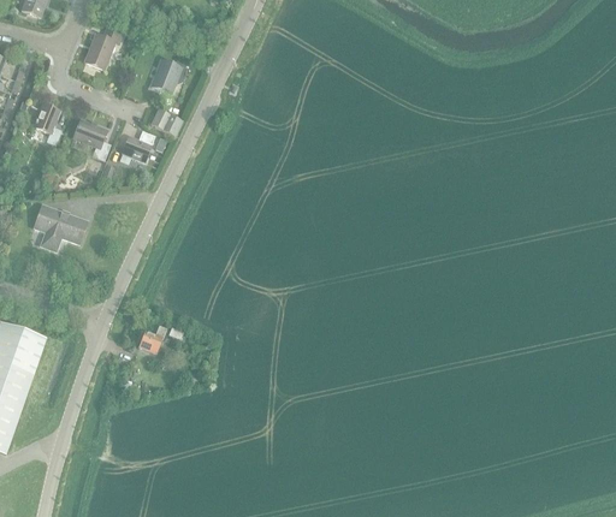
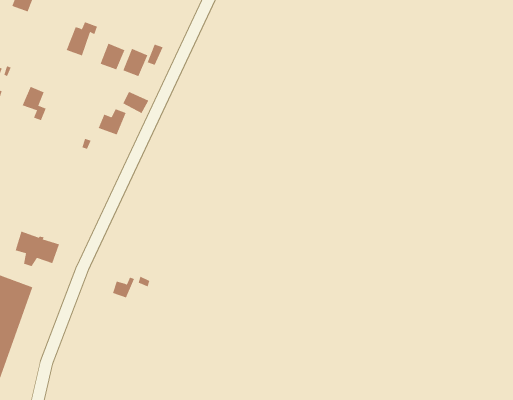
building: none -> [100,43,125,70]
building: [72,118,111,159] -> none
building: [34,203,87,245] -> [15,231,60,267]

